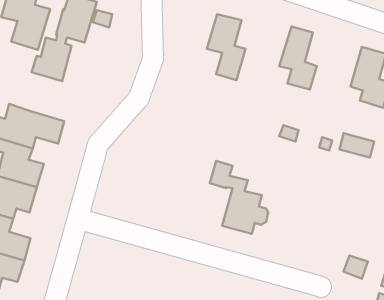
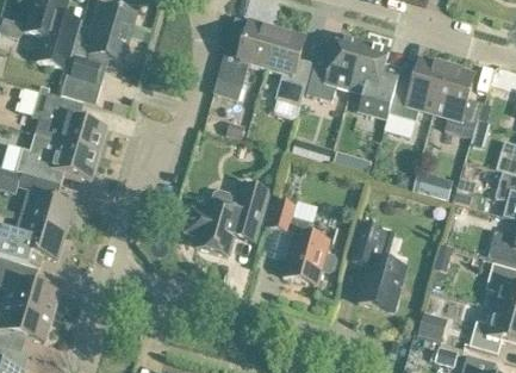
building: none -> [217,19,278,88]
building: none -> [306,35,365,101]
building: none -> [390,58,447,120]
building: none -> [32,89,107,153]
building: none -> [184,184,269,255]
building: none -> [352,223,406,311]

